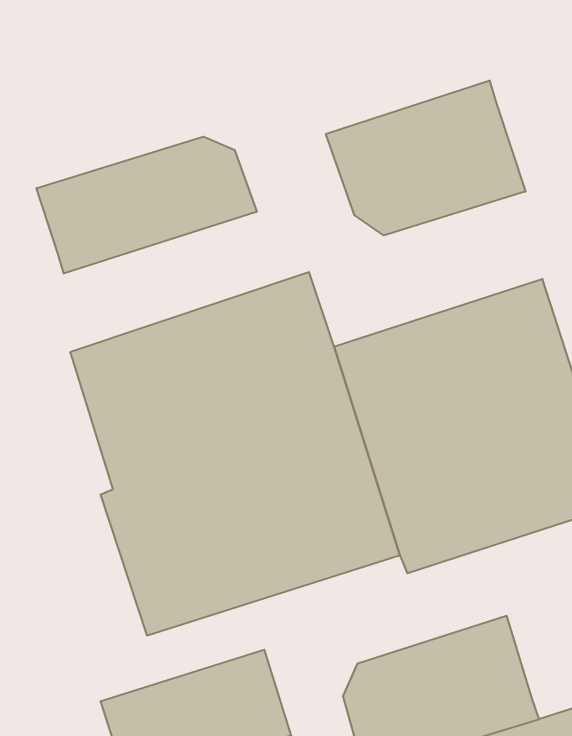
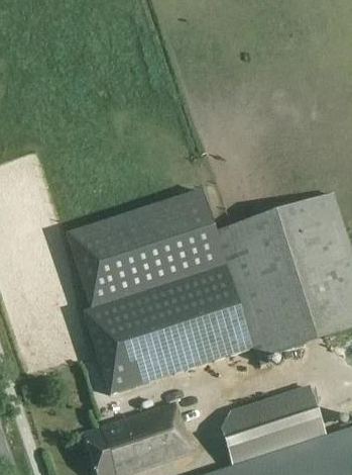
building: [326,80,526,235] -> none
building: [37,137,257,274] -> none

